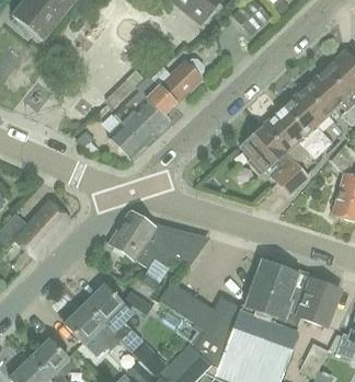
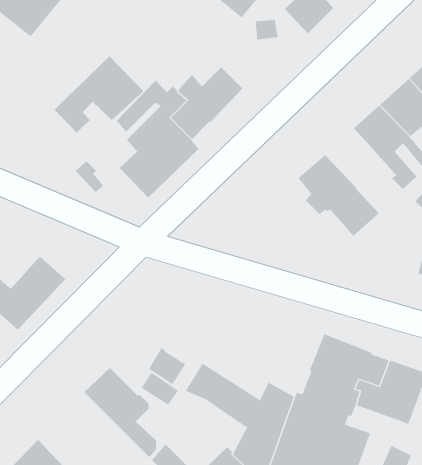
building: none -> [54,55,144,134]
building: [263,106,321,159] -> none
building: [111,213,205,268] -> none
building: [62,303,119,349] -> none

